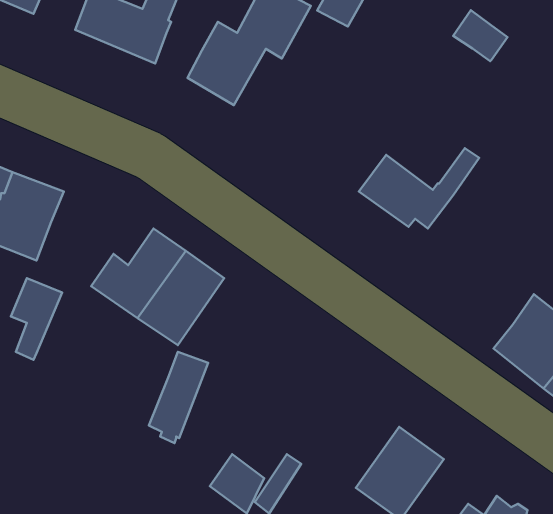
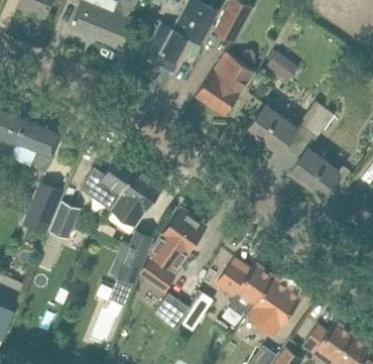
building: [453,10,508,61] -> [265,50,299,83]
building: none -> [196,55,254,115]
building: none -> [290,108,338,195]
building: none -> [48,203,79,240]
building: none -> [141,210,205,290]
building: none -> [215,258,273,316]

